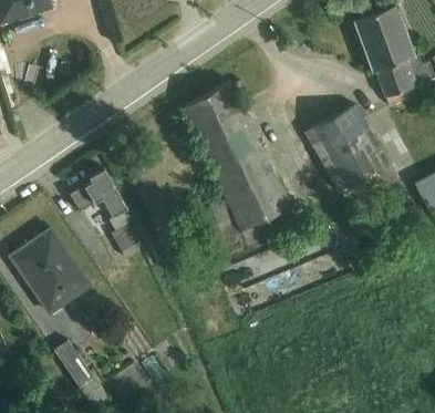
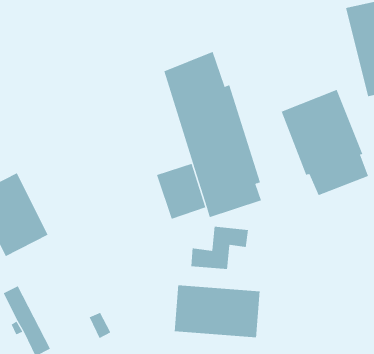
building: [69,166,142,258] -> none
building: none -> [174,284,260,338]

